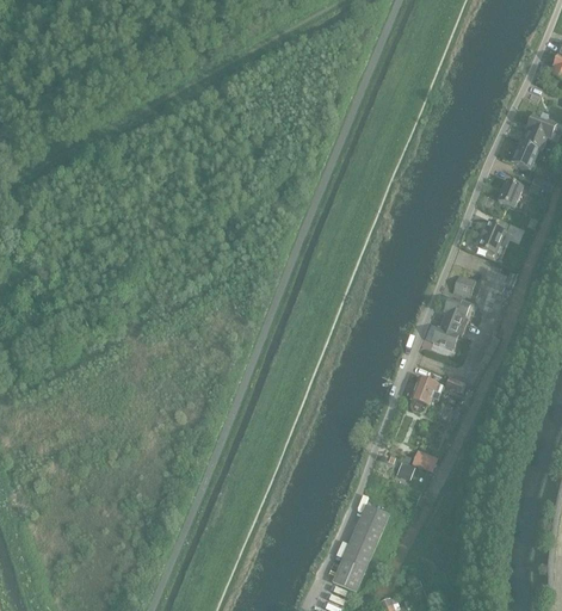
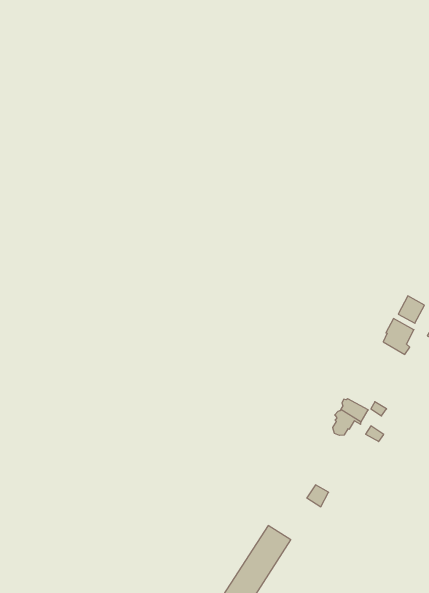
building: [432,319,464,348] -> none

